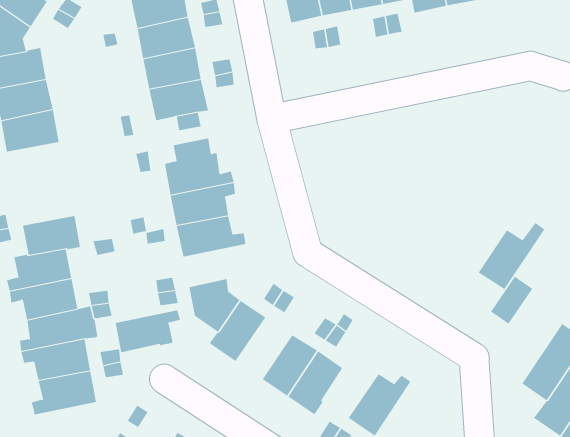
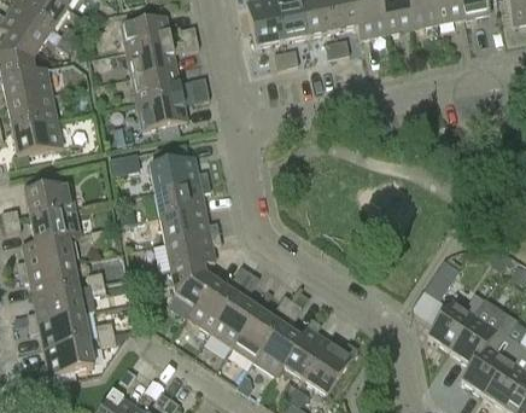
building: none -> [25,181,76,217]
building: [478,222,545,290] -> [428,293,485,350]
building: [115,310,181,353] -> [166,233,222,269]
building: none -> [211,295,258,347]
building: none -> [284,318,331,379]

